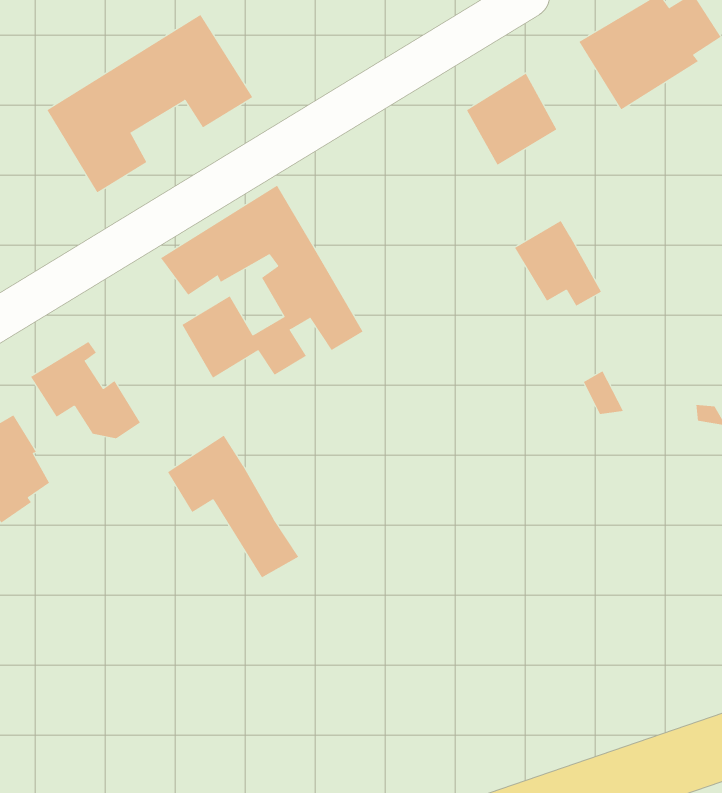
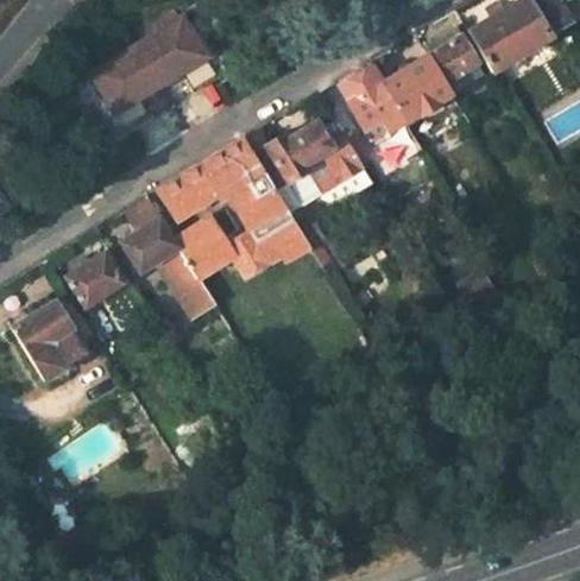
building: none -> [422,26,475,82]
building: none -> [245,120,363,189]
building: [514,220,602,307] -> [341,69,405,132]
building: [167,435,299,578] -> [119,215,215,320]

